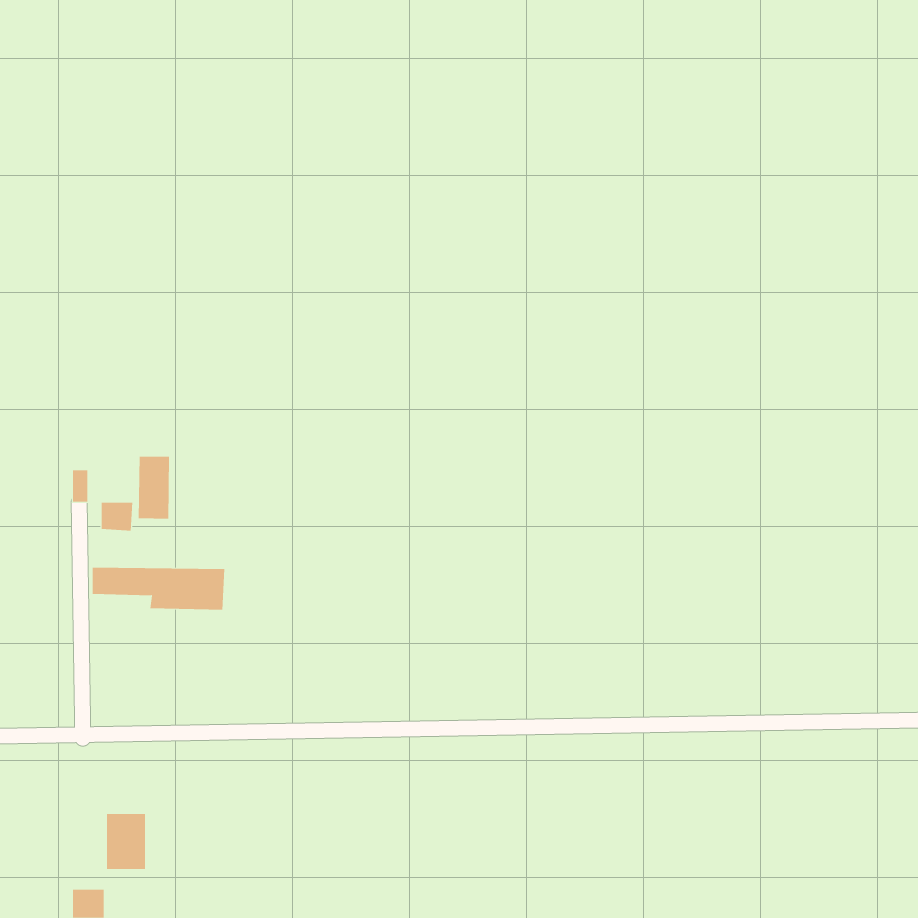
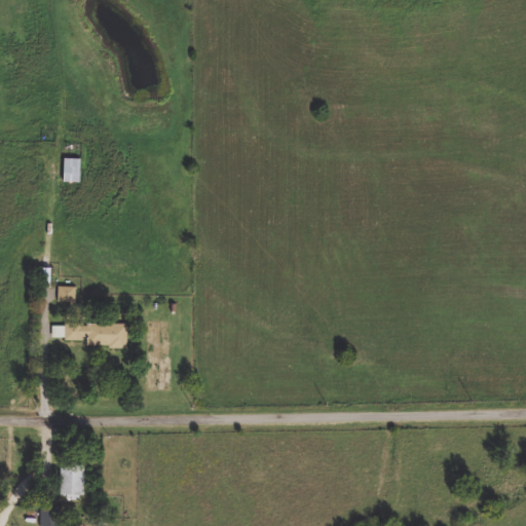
building: none -> [64,158,80,183]
building: [138,456,170,519] -> none

